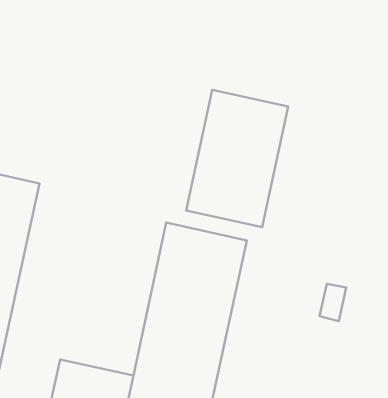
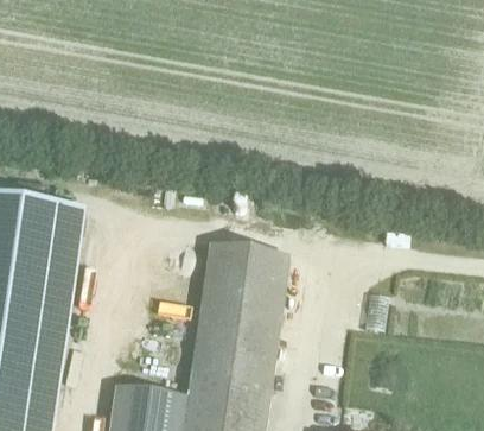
building: [186,90,288,227] -> none

